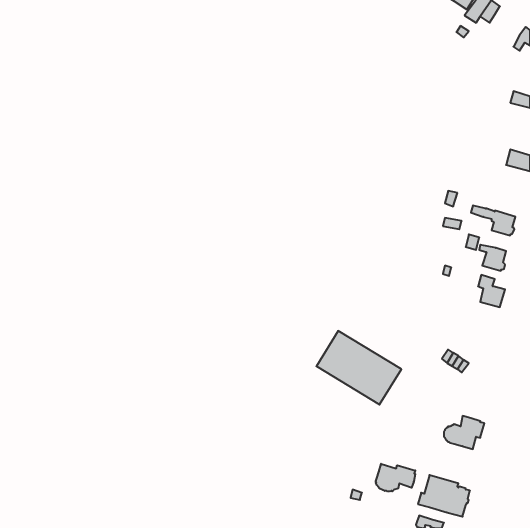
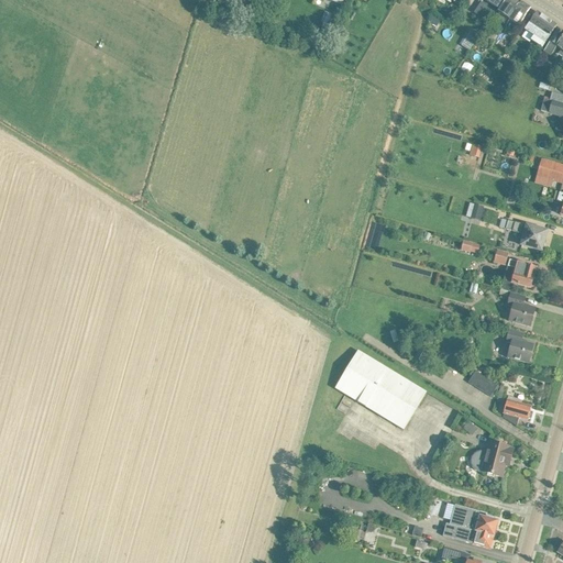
building: none -> [525,10,556,51]
building: none -> [506,329,533,363]
building: none -> [503,396,532,424]
building: [376,464,415,491] -> none

